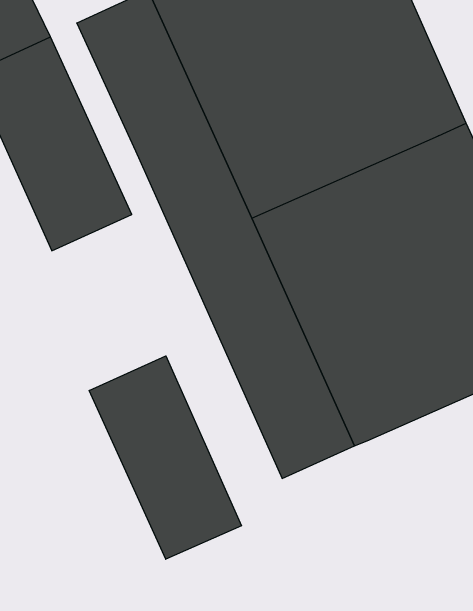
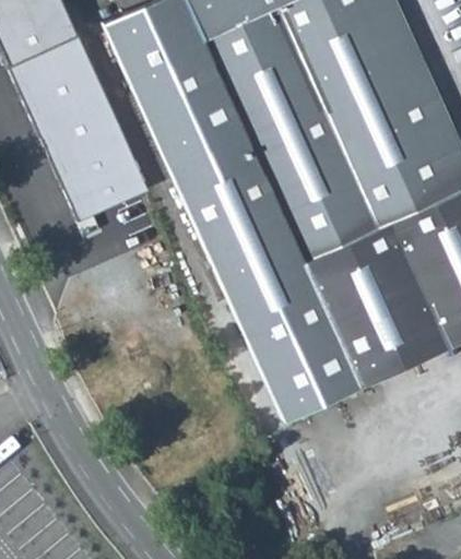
building: [89,356,242,559] -> none

